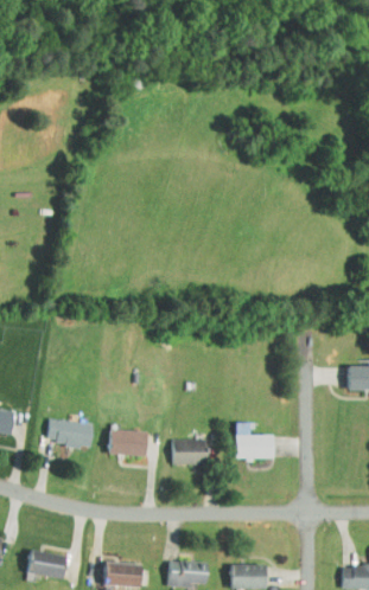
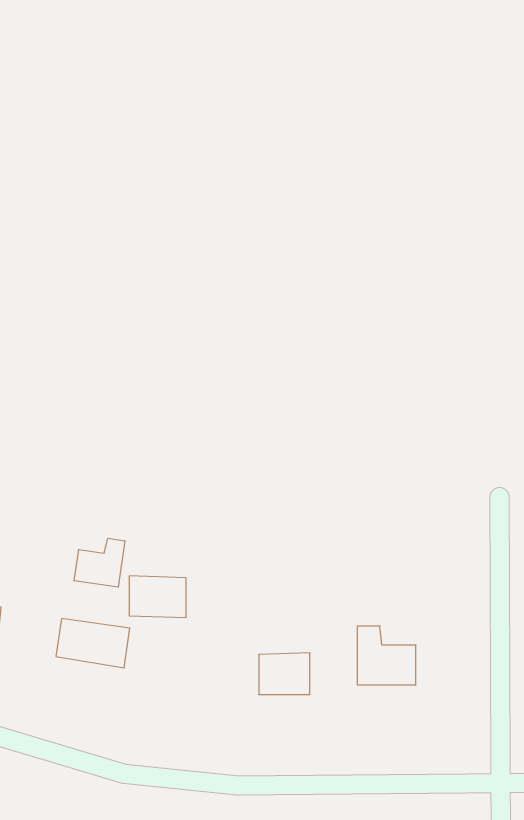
building: none -> [74,538,125,587]
building: [109,429,145,455] -> [129,576,186,618]

